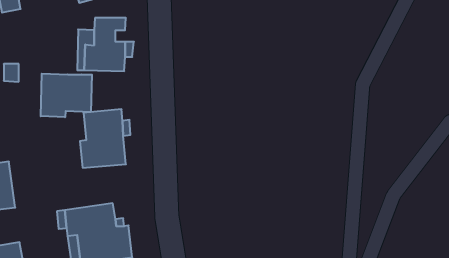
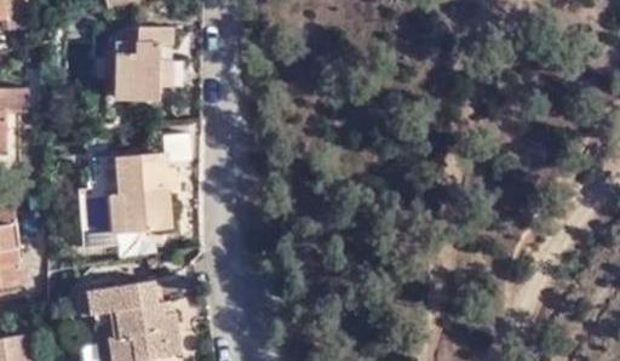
building: [41,74,92,117] -> none

